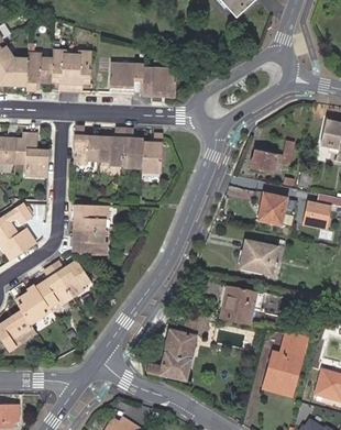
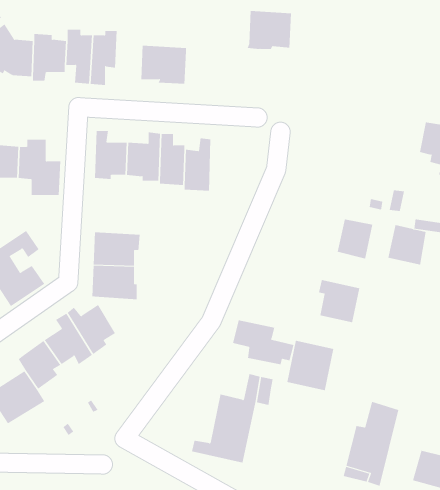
building: [142,66,176,96] -> [247,10,292,49]
building: [251,141,295,172] -> none
building: none -> [232,320,294,365]

